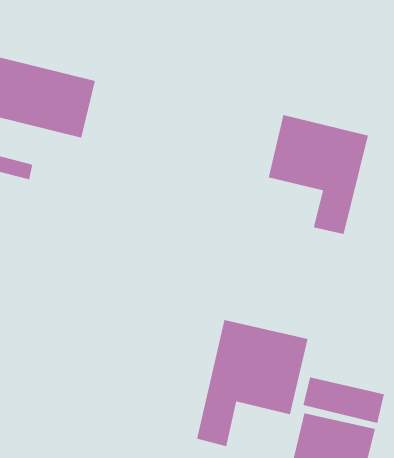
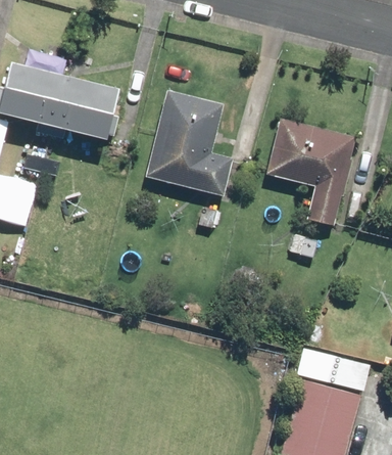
building: none -> [146,90,234,195]
building: [196,319,309,447] -> none

